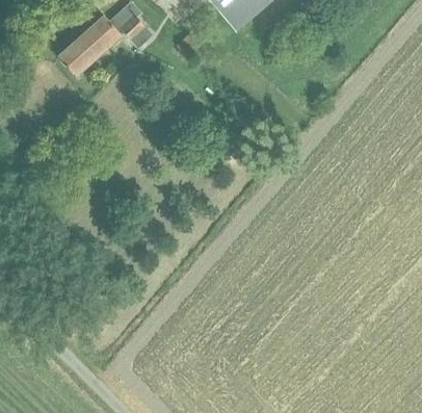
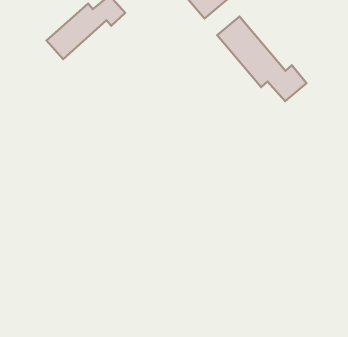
building: none -> [217,16,306,101]

